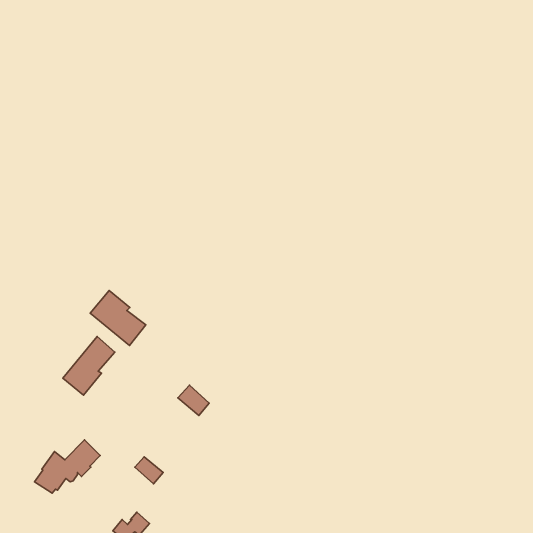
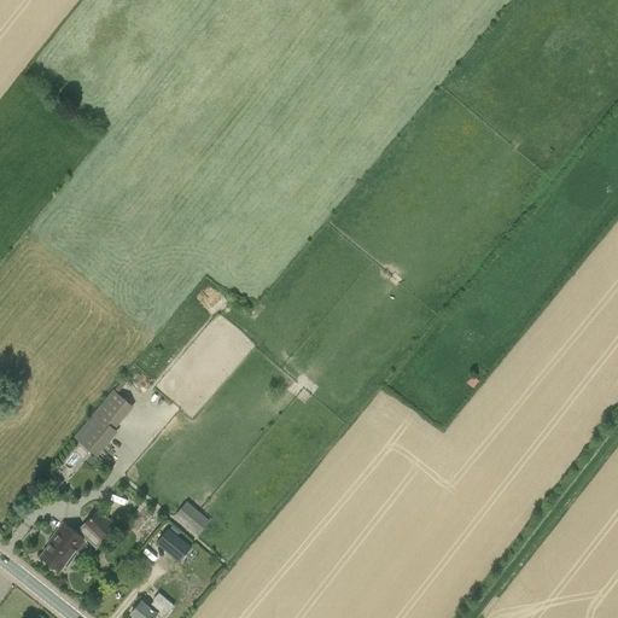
building: [90,290,146,346] -> none
building: [178,385,209,416] -> [173,502,209,537]

